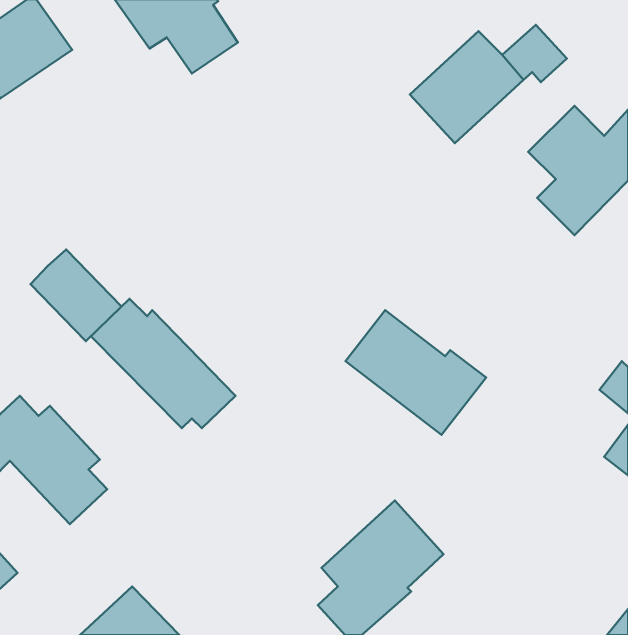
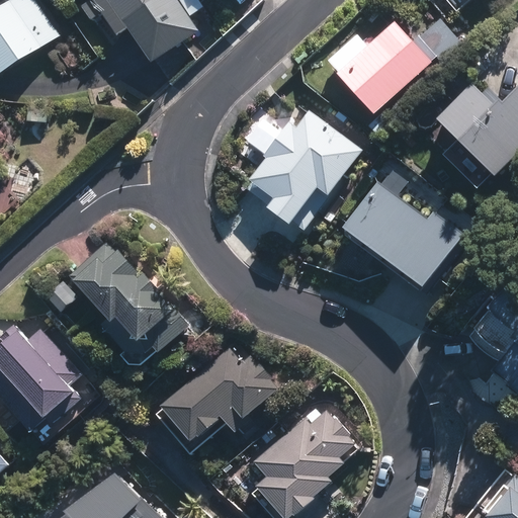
building: none -> [249,111,352,225]
building: [31,250,121,341] -> none
building: [345,310,486,435] -> [336,187,450,288]
building: none -> [160,347,281,452]

